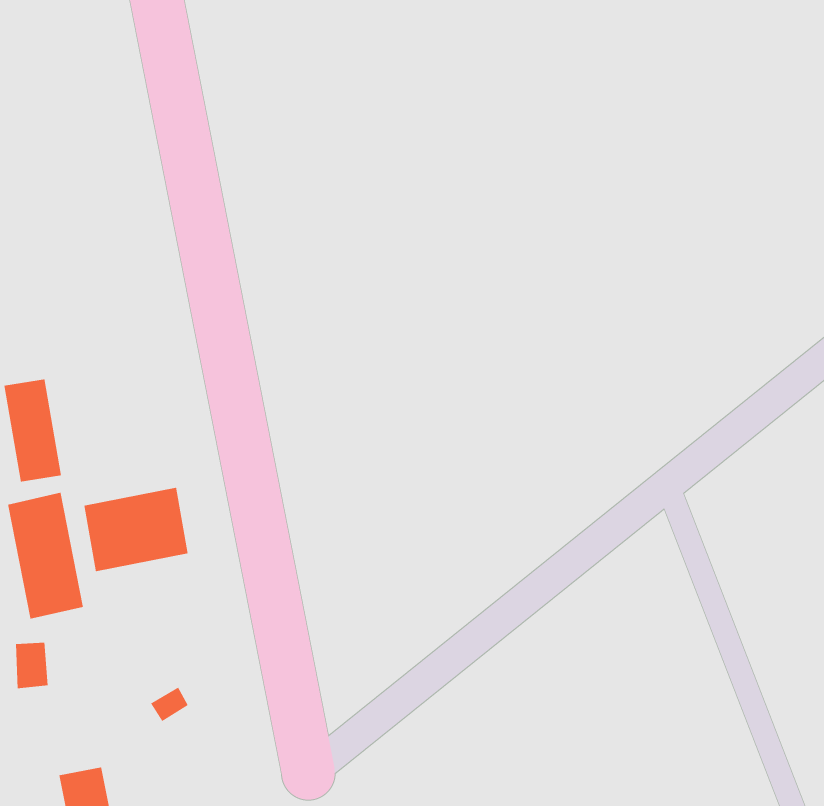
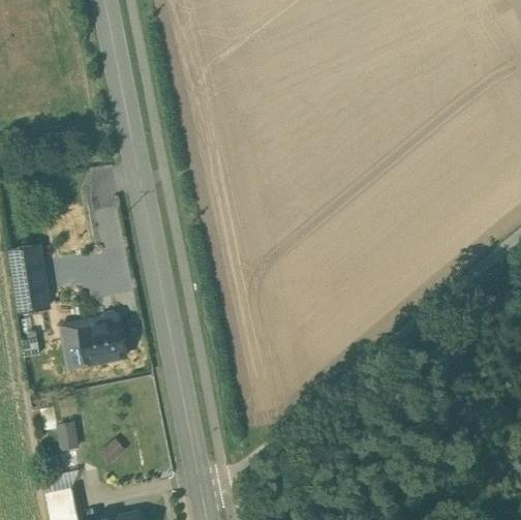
building: [8,492,84,620] -> none
building: [15,642,49,689] -> [59,420,80,449]

